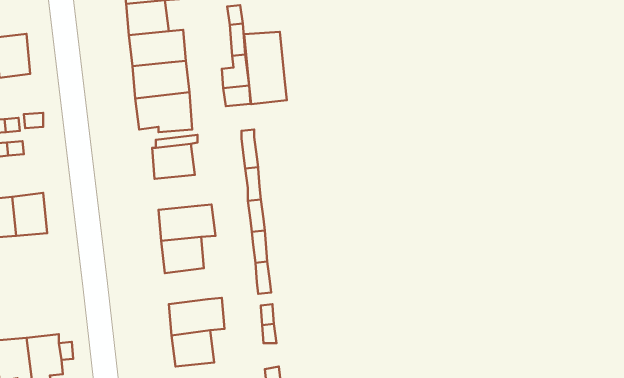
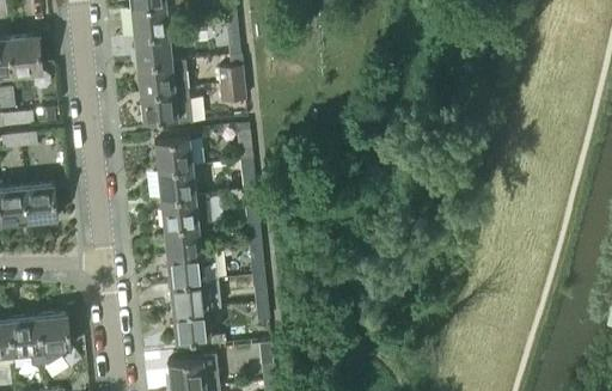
building: [244,32,287,104] -> none
building: none -> [157,166,196,198]
building: none -> [166,251,219,286]

